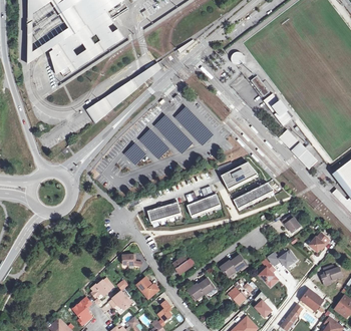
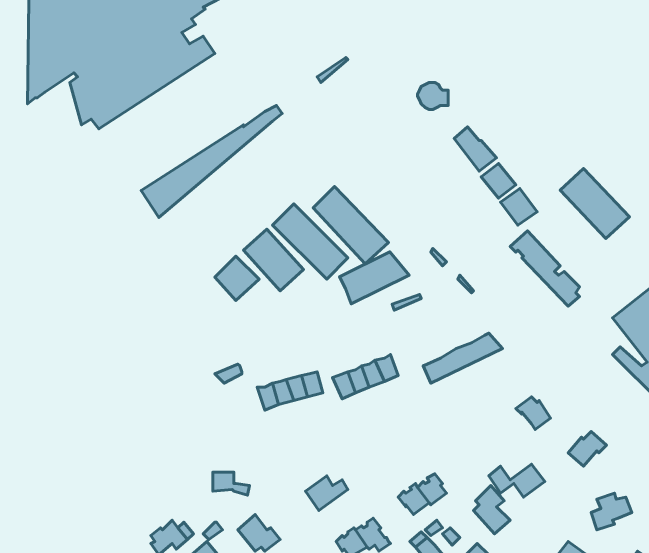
building: none -> [560,168,629,239]
building: [221,162,257,190] -> [340,252,409,304]

